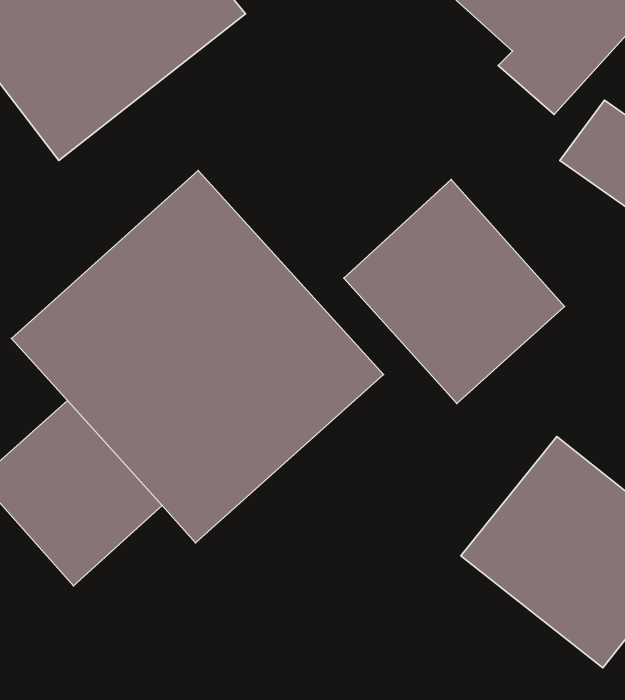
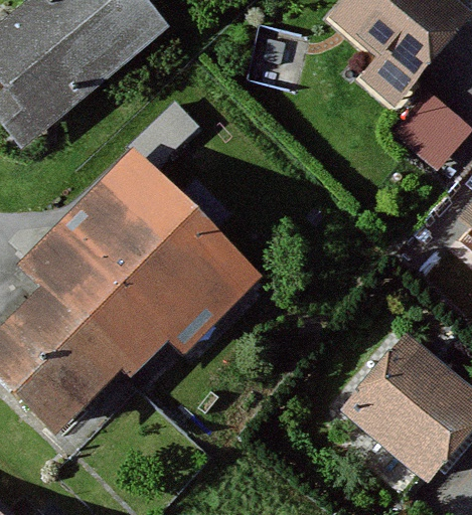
building: [344,180,564,404] -> none

